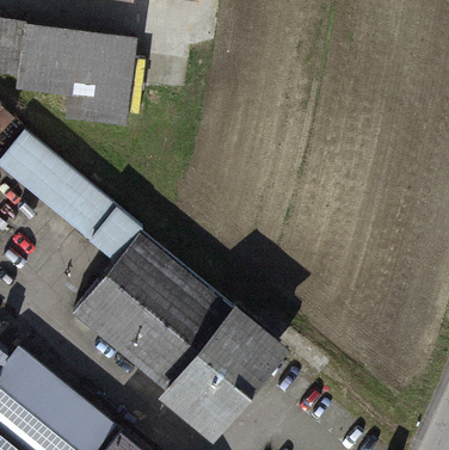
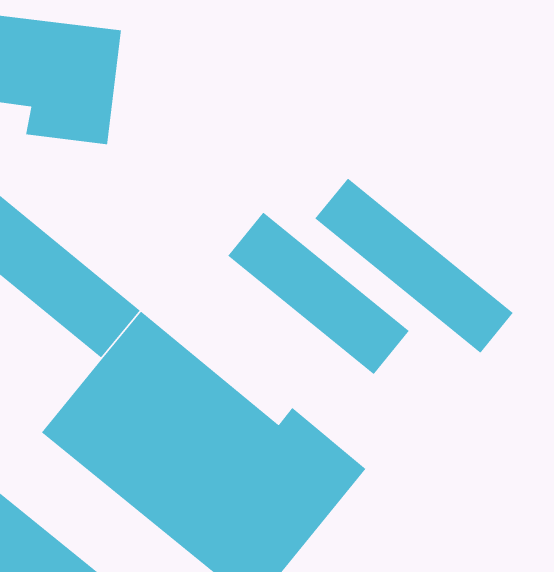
building: none -> [314,177,514,354]
building: none -> [227,212,410,375]

